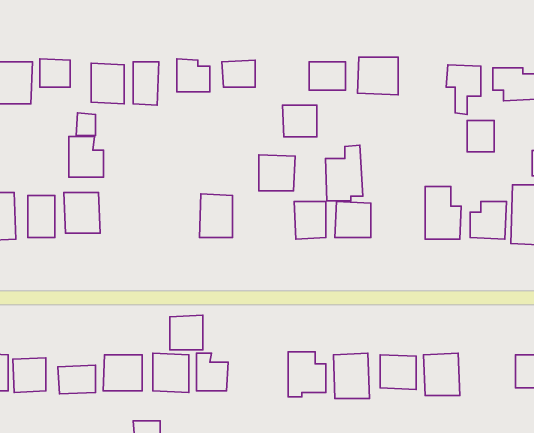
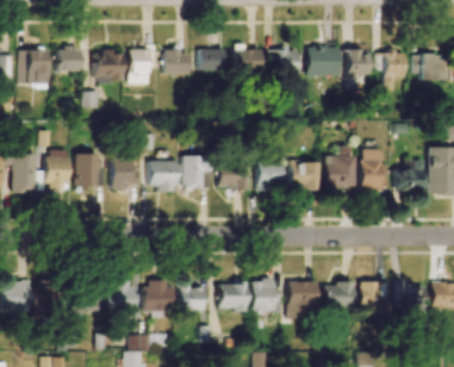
building: [282,105,317,137] -> [235,50,262,75]
building: [467,120,494,152] -> [348,50,369,75]
building: [69,137,103,177] -> [113,157,141,189]
building: [325,145,363,201] -> [324,145,354,189]
building: [259,155,295,191] -> [219,163,248,192]
building: none -> [150,161,176,193]
building: [170,315,203,350] -> [220,282,247,310]
building: none -> [396,284,425,313]

